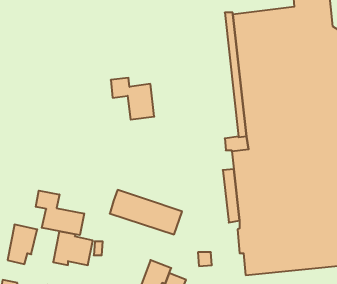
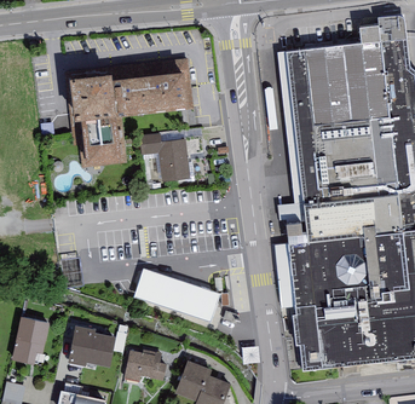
building: none -> [70,70,192,165]
building: [36,191,84,235] -> none
building: none -> [123,345,166,377]

